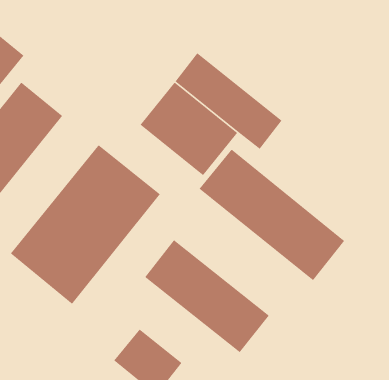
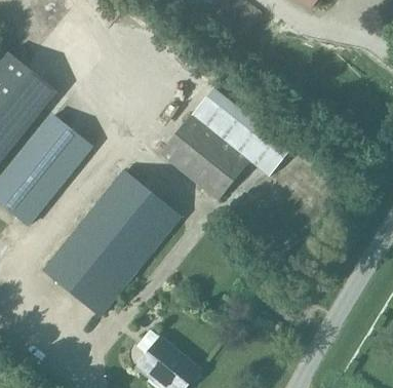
building: [199,149,345,281] -> none
building: [144,239,270,353] -> none

